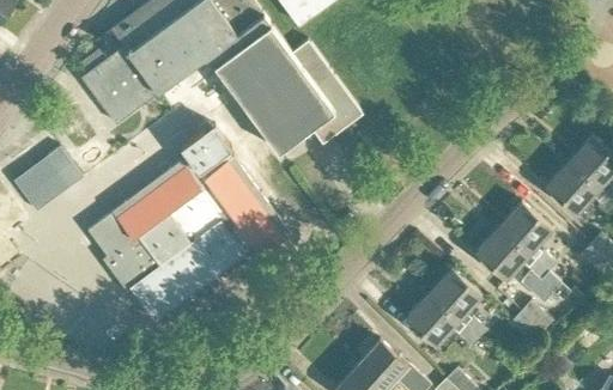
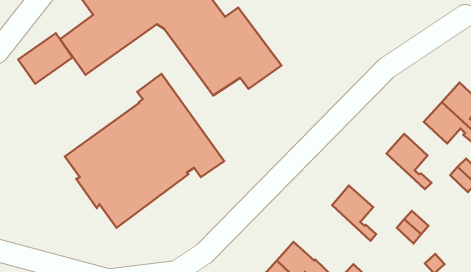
building: [14,142,84,207] -> [18,33,73,84]
building: [475,226,560,303] -> none
building: [406,292,478,346] -> none

